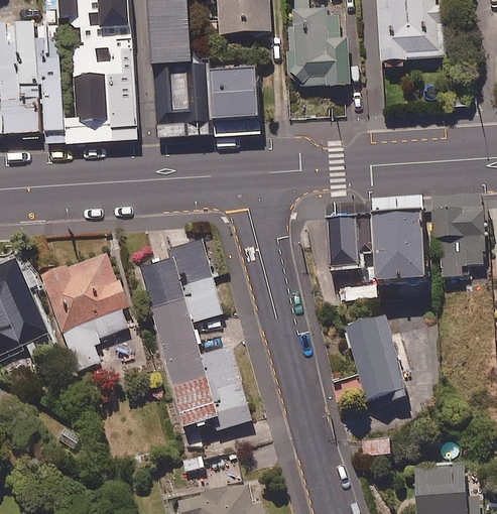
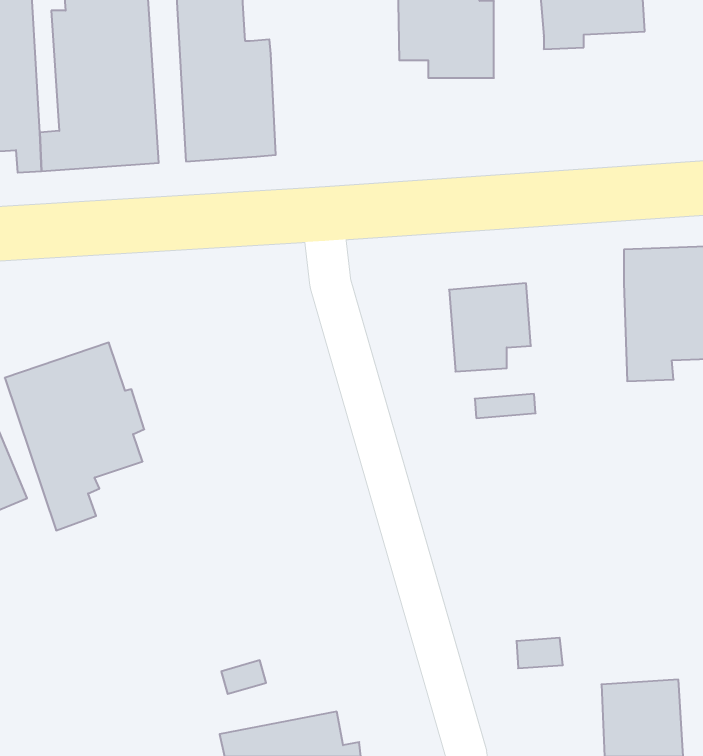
building: [208,69,262,134] -> none
building: [370,192,422,281] -> none
building: [140,239,250,429] -> none
building: [345,316,407,408] -> none

